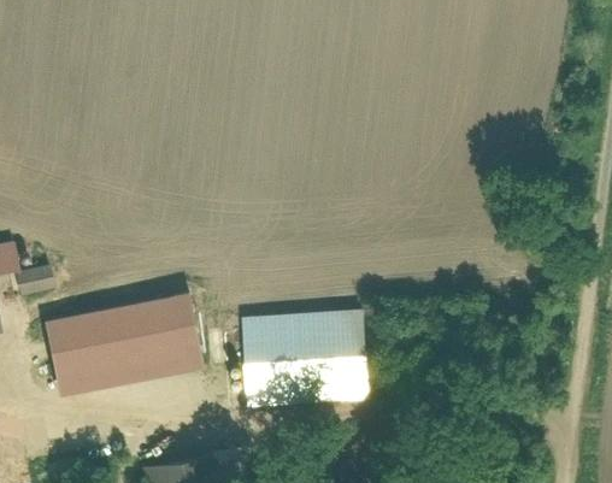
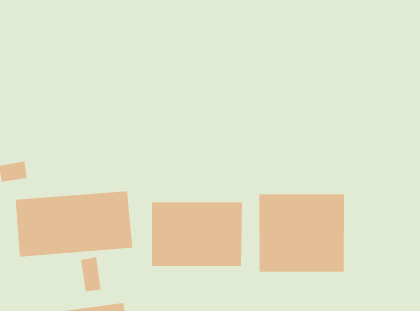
building: none -> [259,193,345,272]
building: none -> [81,256,101,292]

